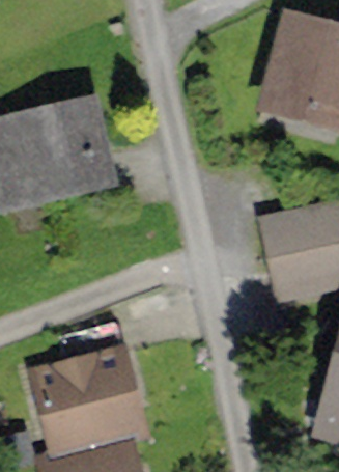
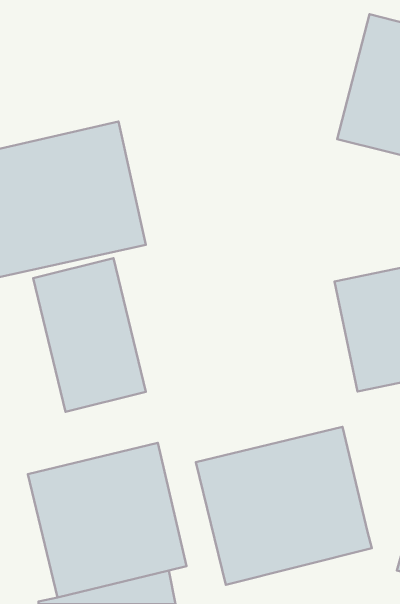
building: none -> [33,258,146,412]
building: none -> [196,427,372,585]

